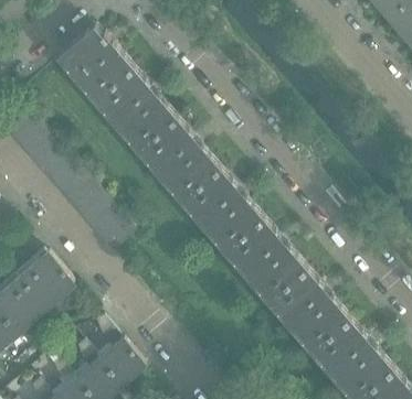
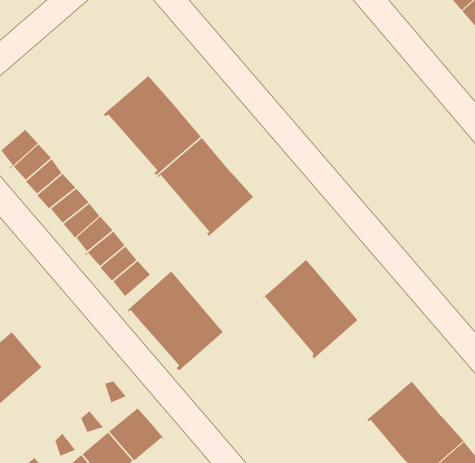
building: [56,30,130,103] -> none
building: [180,171,261,254] -> [126,271,224,371]
building: [18,257,72,311] -> none
building: [267,272,348,354] -> none

